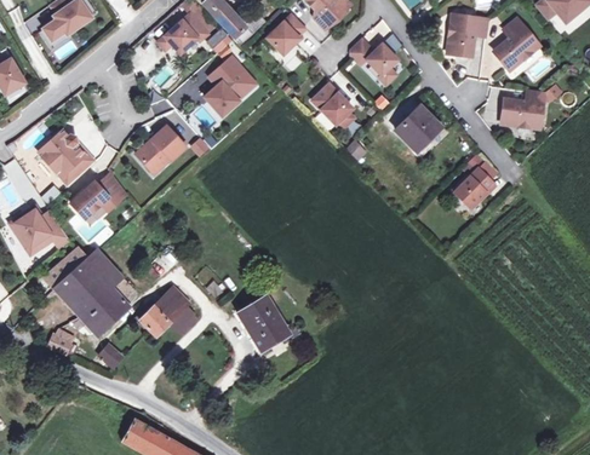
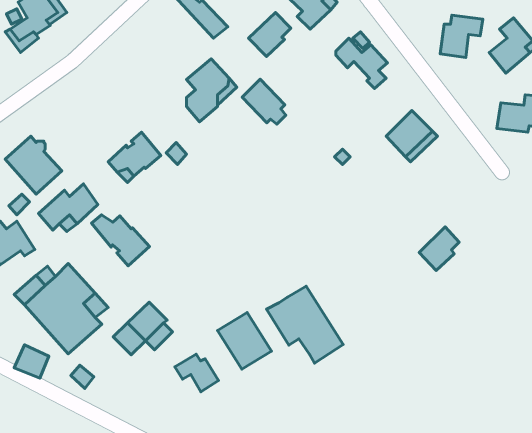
building: [157,13,208,53] -> none
building: [311,83,353,126] -> [242,79,286,124]
building: [453,167,491,208] -> [419,227,459,271]
building: none -> [91,215,149,266]
building: none -> [267,286,343,363]
building: none -> [175,354,219,392]

